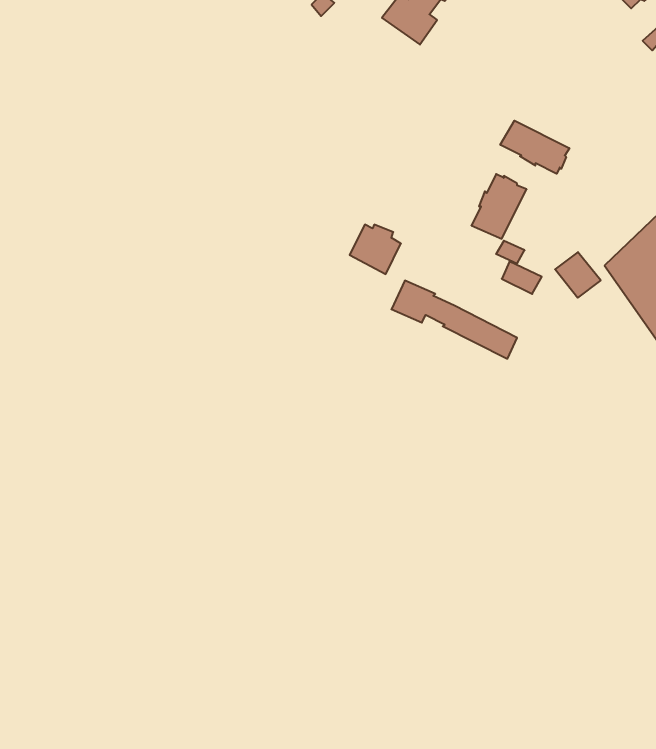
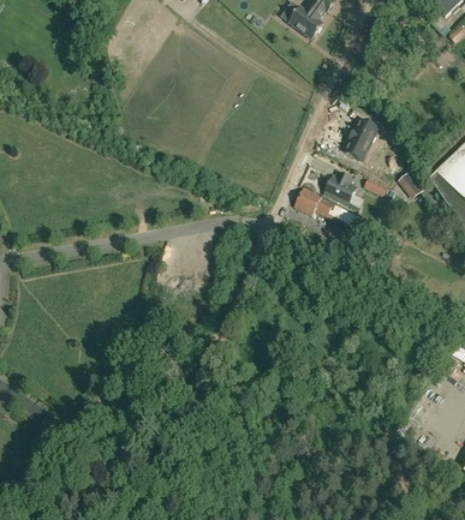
building: [500,121,569,174] -> none
building: [350,225,401,274] -> [324,172,357,203]

